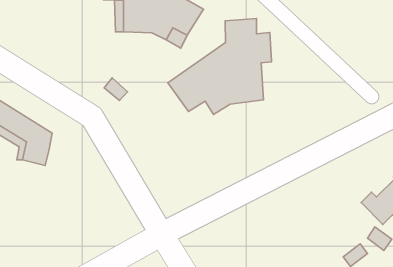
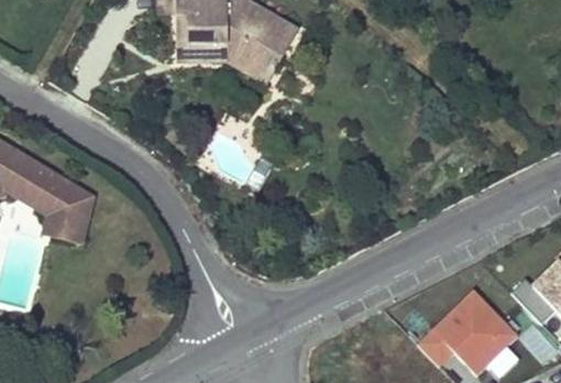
building: [168,19,272,115] -> none
building: none -> [417,287,517,373]

